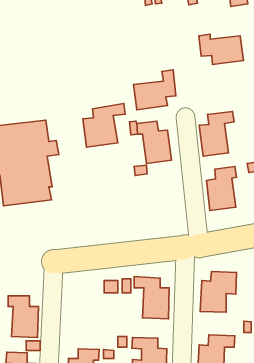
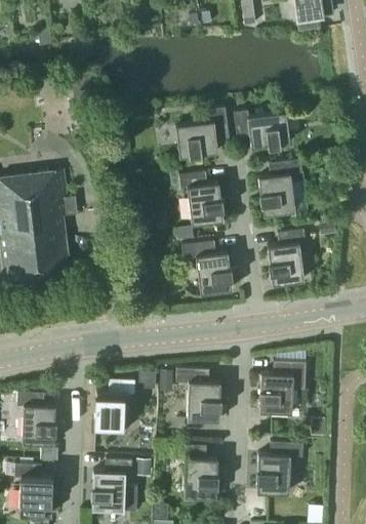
building: [199,34,243,64] -> [234,110,290,148]
building: [83,104,125,147] -> none
building: none -> [181,240,232,293]
building: none -> [95,378,135,431]

